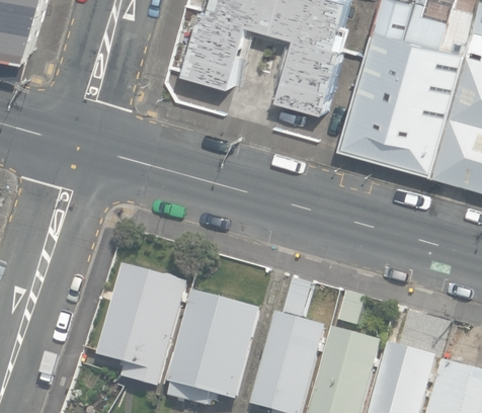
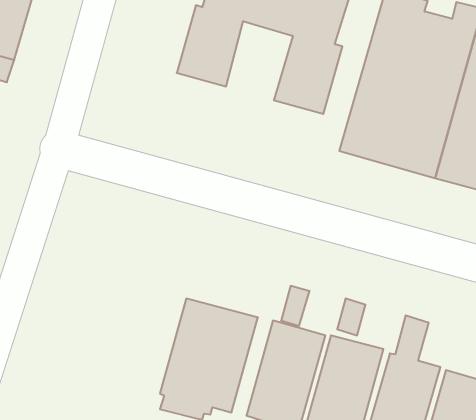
building: [95,264,186,387] -> none

